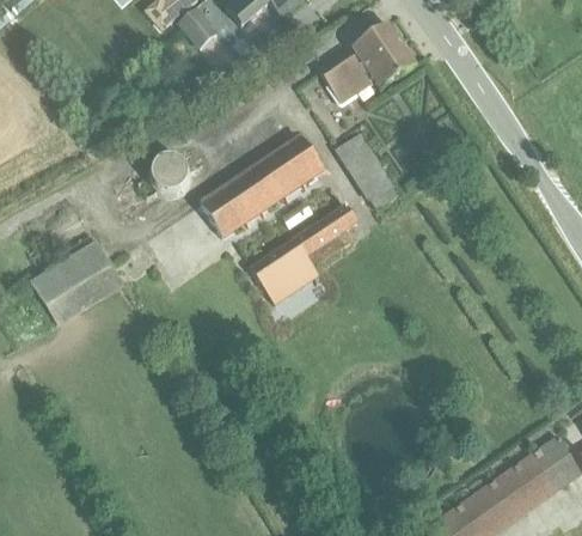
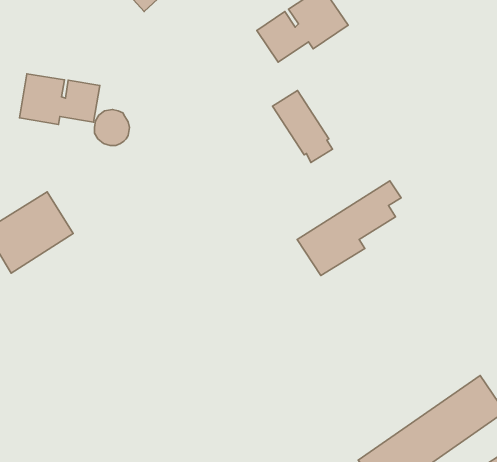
building: none -> [20,74,100,124]
building: [200,132,326,237] -> none
building: [250,201,360,302] -> [297,181,401,276]

